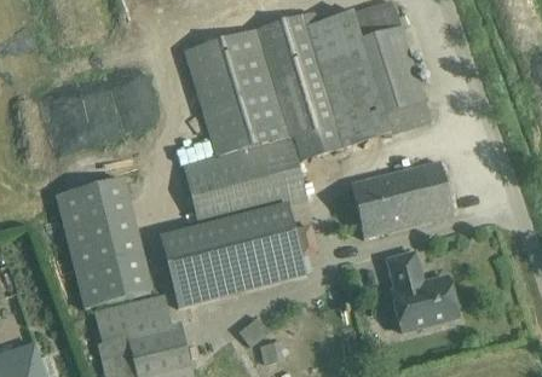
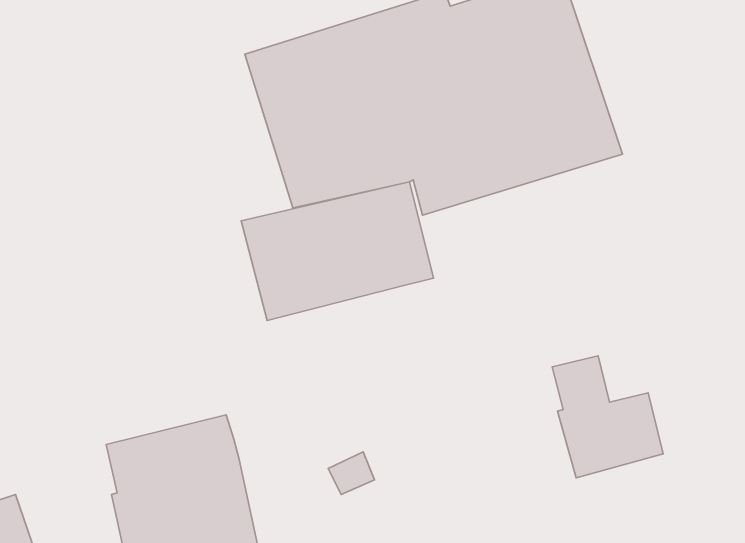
building: [352,161,455,236] -> none
building: [56,178,154,309] -> none
building: [161,205,307,306] -> none

